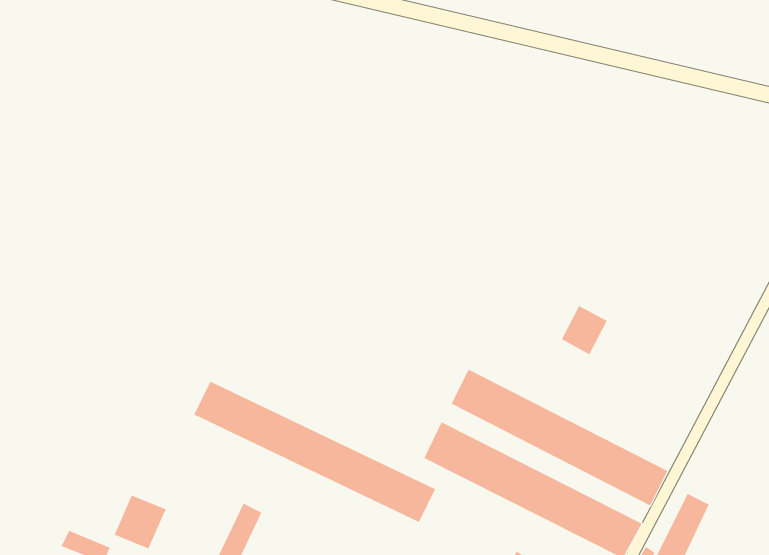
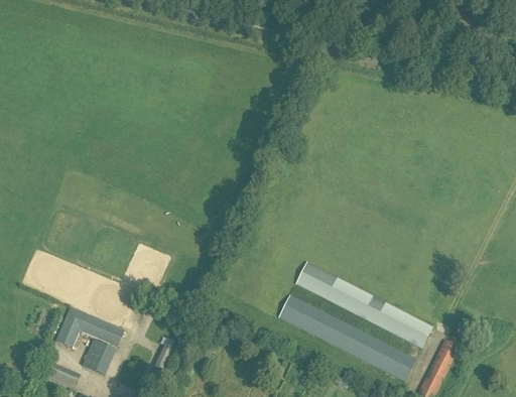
building: [561,305,607,355] -> none
building: [193,381,436,523] -> none
building: none -> [54,307,124,349]

